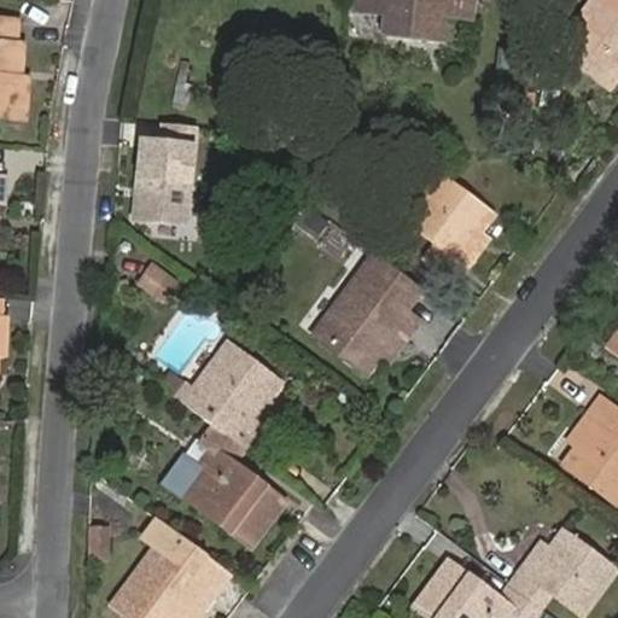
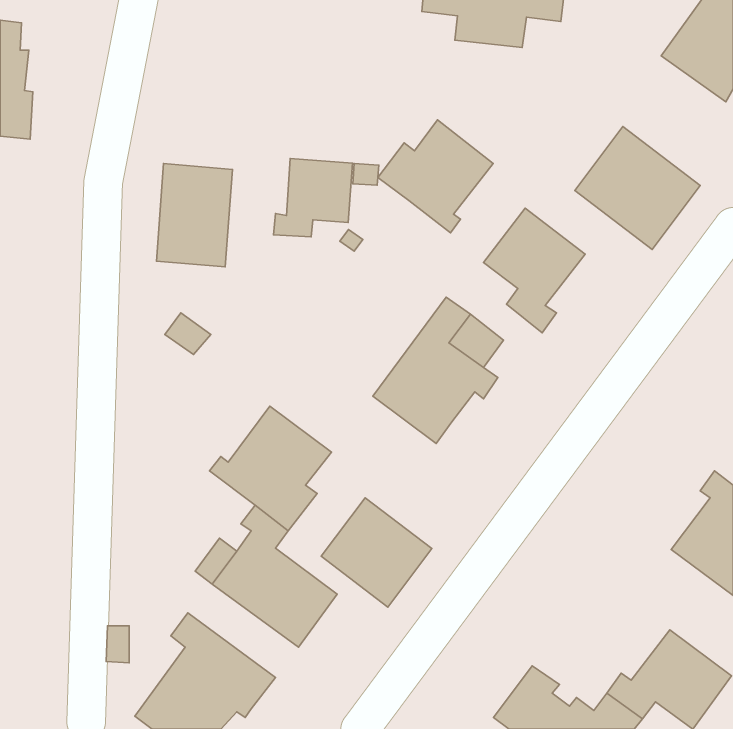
building: none -> [378,120,493,233]
building: none -> [575,126,700,249]
building: none -> [273,158,353,237]
building: none -> [321,498,432,607]

